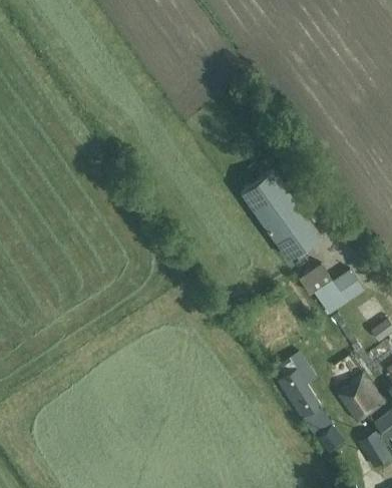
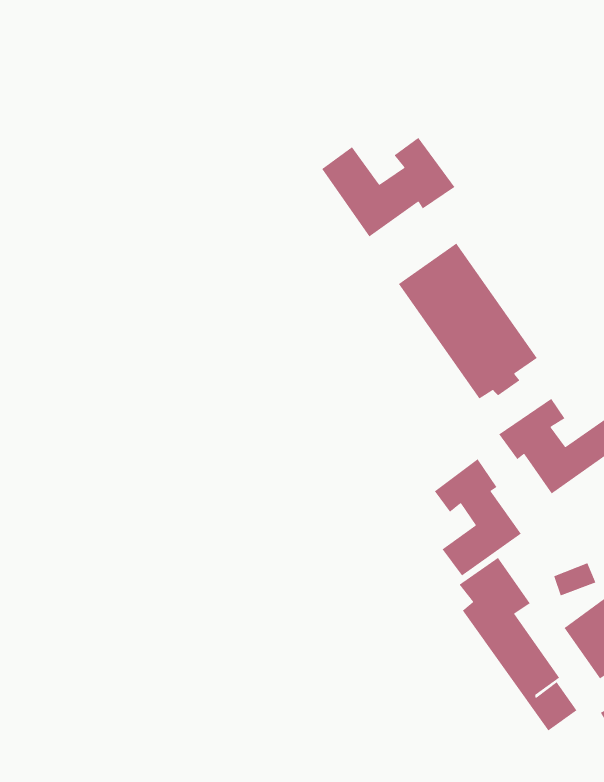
building: none -> [321,137,456,237]
building: none -> [434,458,522,576]

